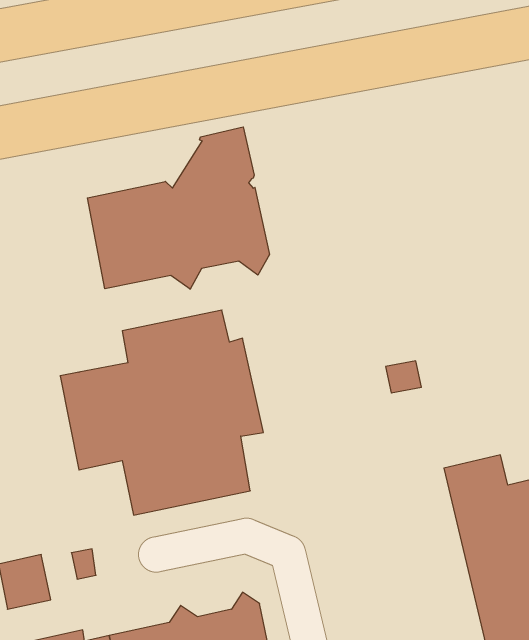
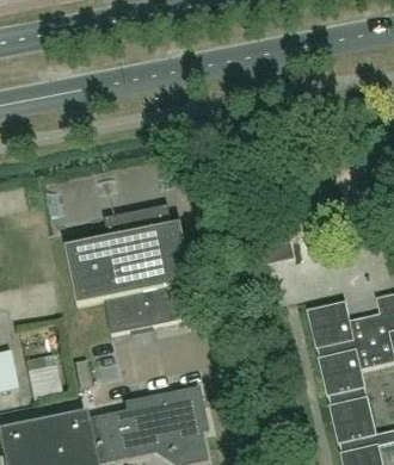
building: [87,127,269,289] -> none

